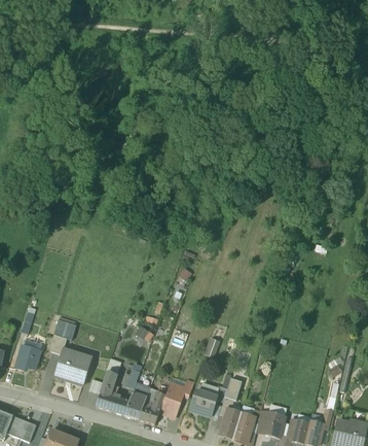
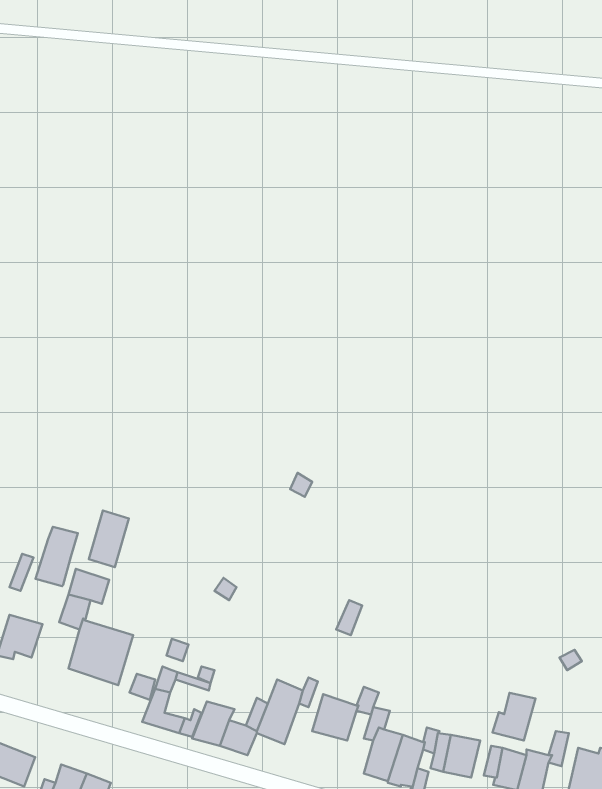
building: none -> [89,510,129,567]
building: none -> [36,527,78,586]
building: none -> [492,693,535,740]

